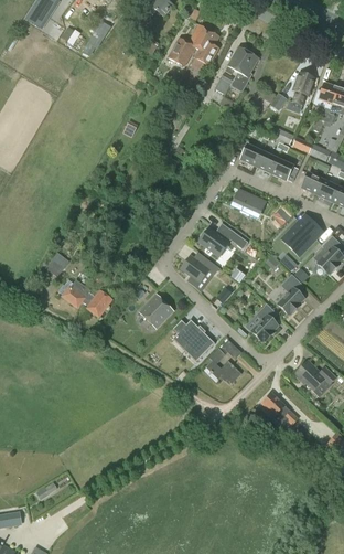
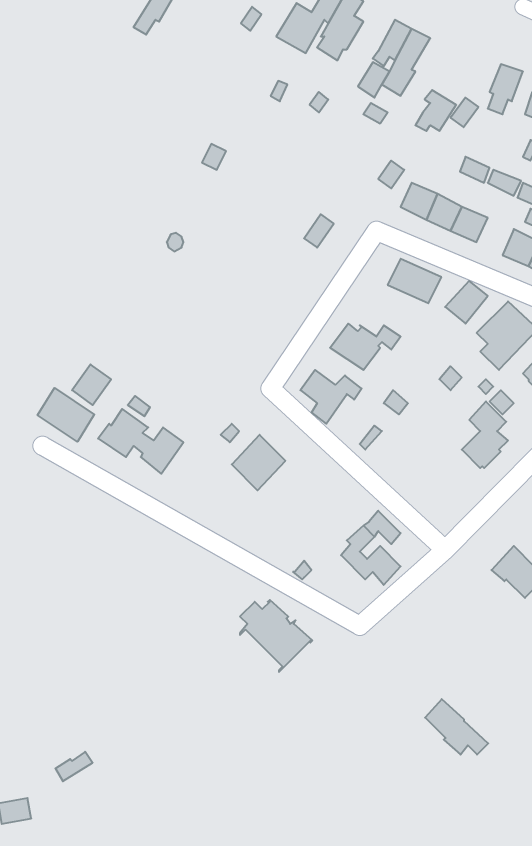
building: none -> [38,388,94,442]
building: [250,305,278,342] -> none
building: [172,319,215,362] -> [240,600,312,672]
building: [261,393,299,426] -> [425,699,488,755]

